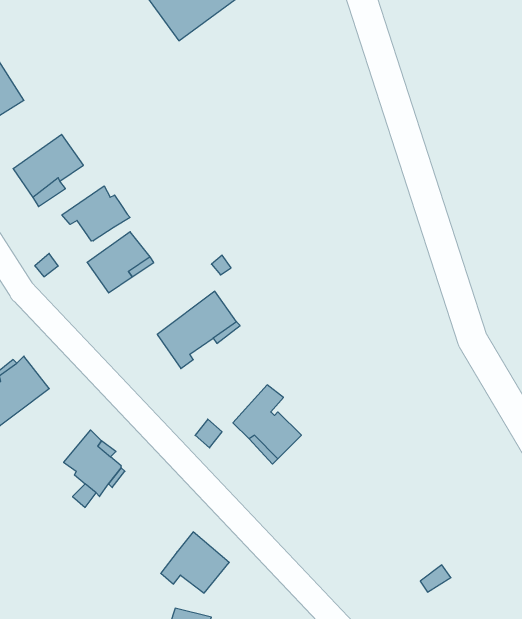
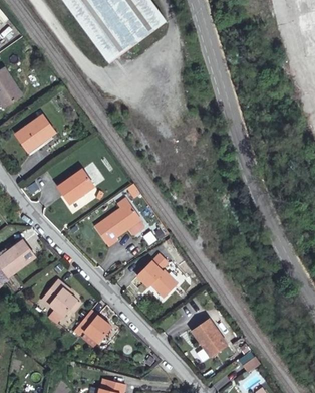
building: [62,186,130,241] -> none
building: none -> [193,319,226,355]
building: [161,532,229,593] -> [73,309,111,343]

